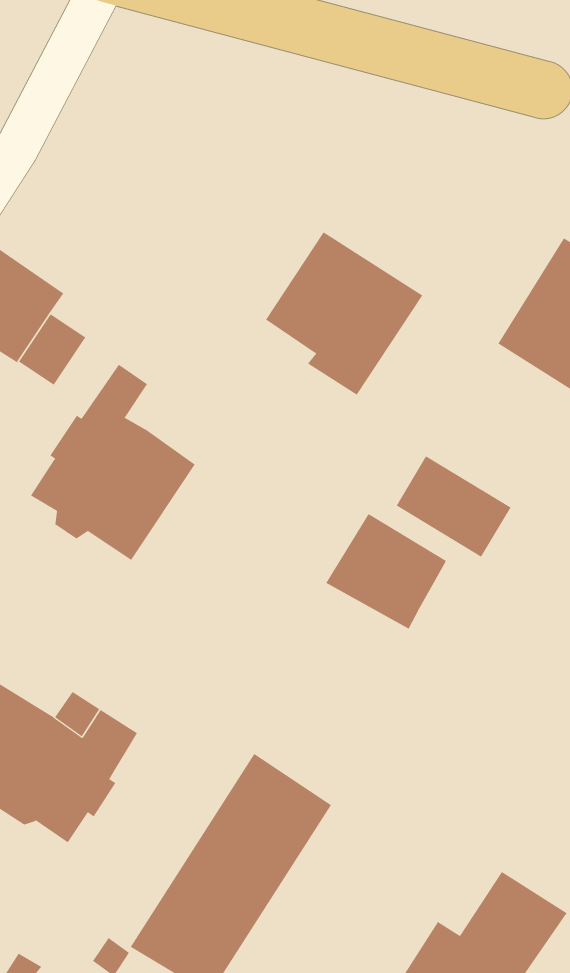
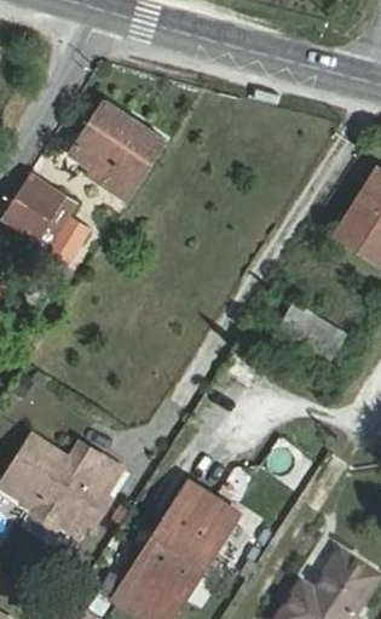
building: [265,231,423,395] -> [69,101,164,200]
building: [30,364,195,561] -> none
building: [326,513,448,630] -> none

